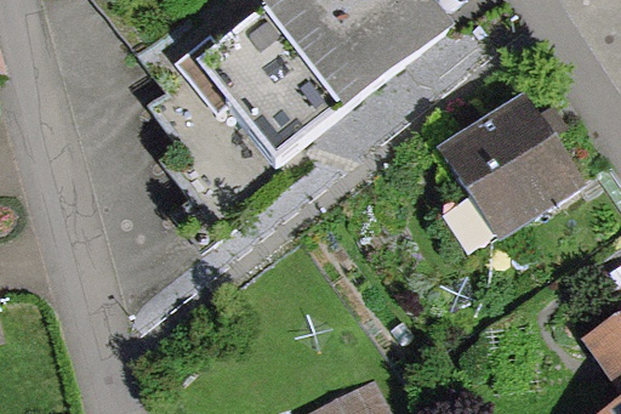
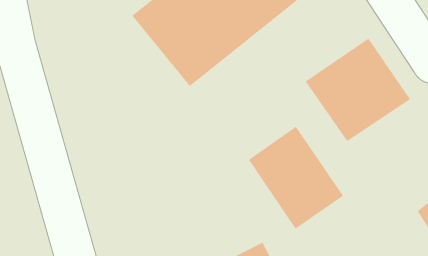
building: none -> [248,126,344,229]

